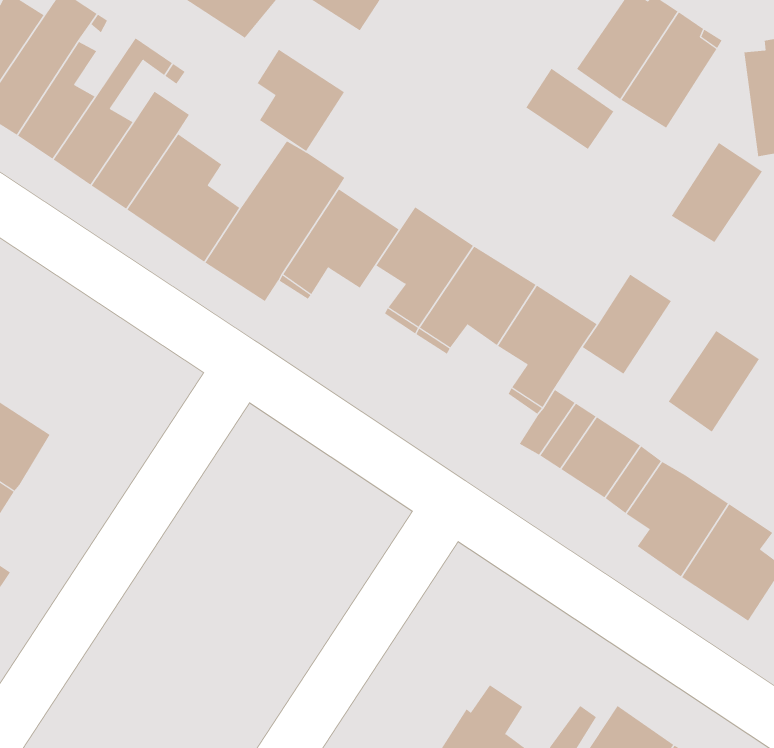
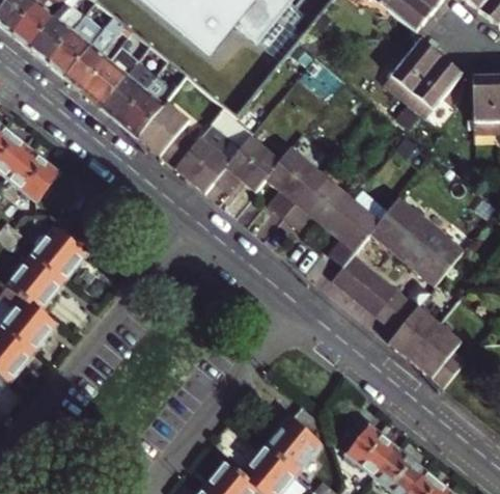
building: [257,49,345,152] -> none
building: [526,68,614,150] -> none
building: [671,142,763,243] -> [391,213,442,266]

